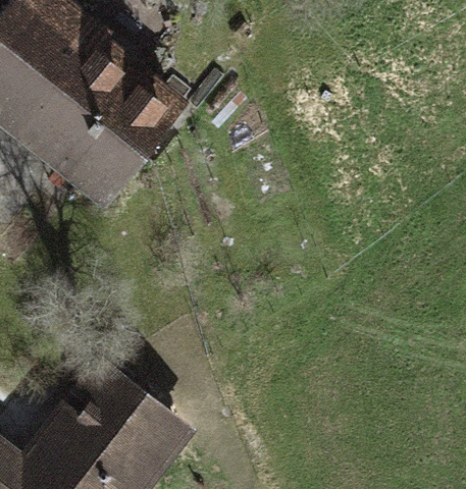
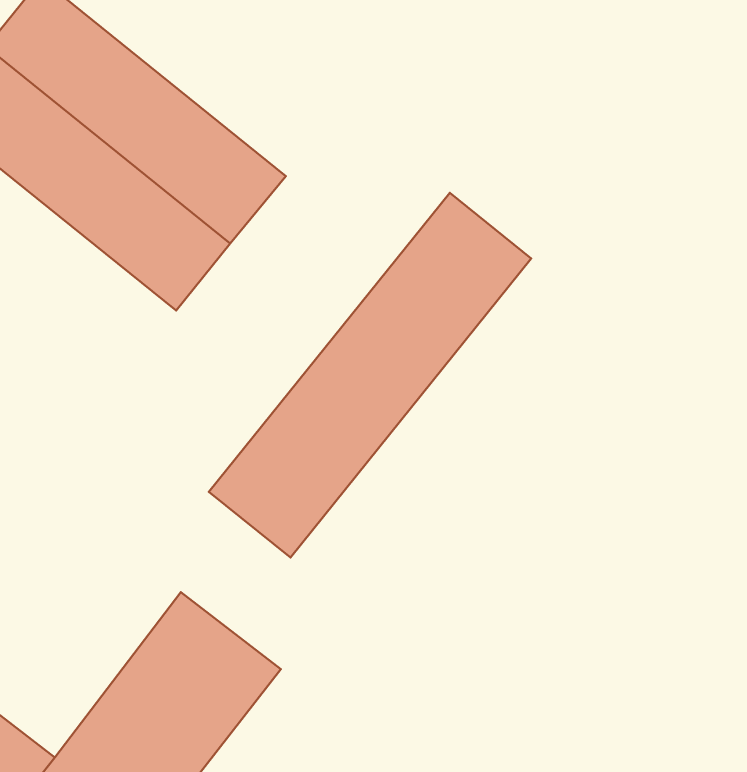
building: none -> [209,193,531,558]

